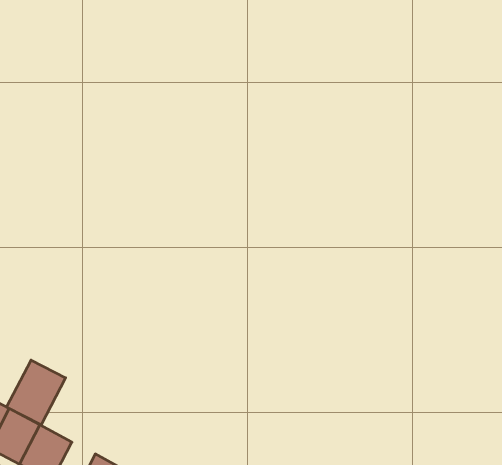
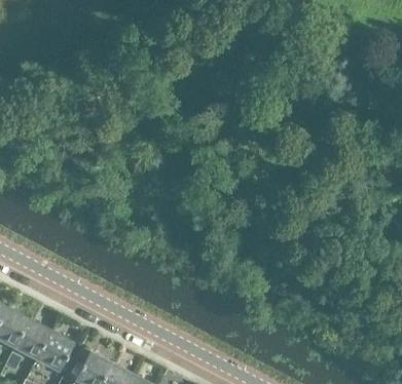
building: [7,360,66,425] -> none

